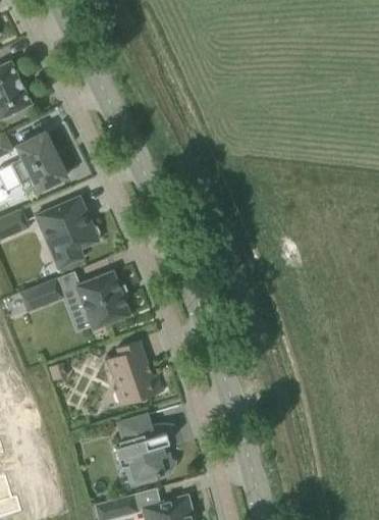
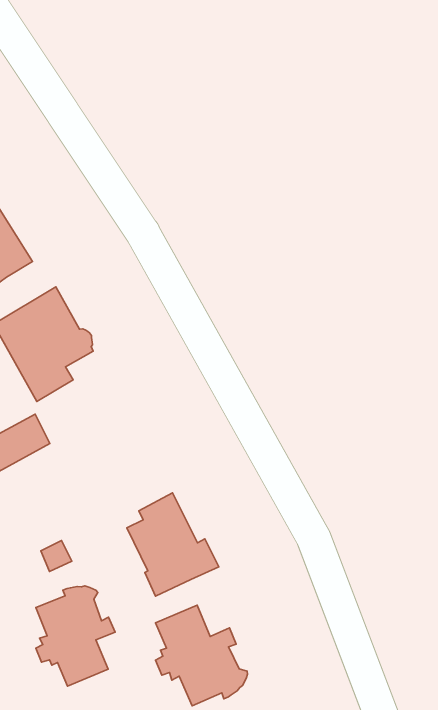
building: [74,271,130,329] -> none
building: none -> [36,586,115,686]

